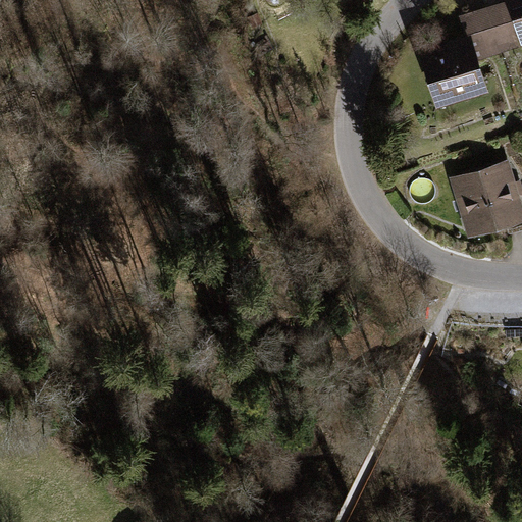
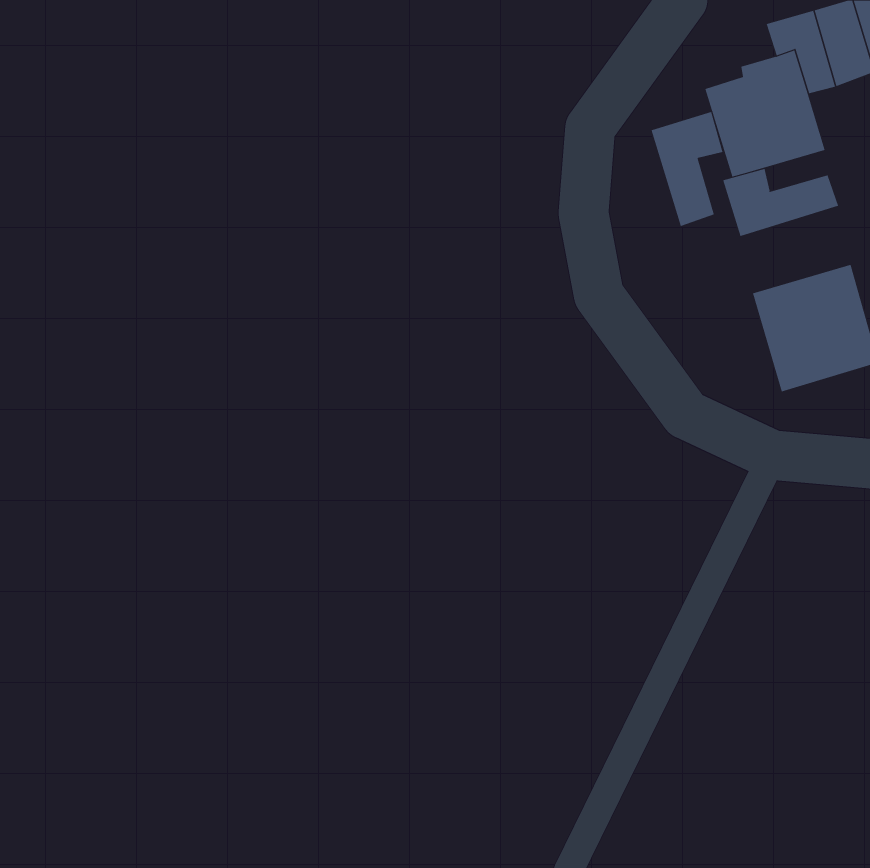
building: none -> [651,111,723,227]
building: none -> [723,168,839,237]

